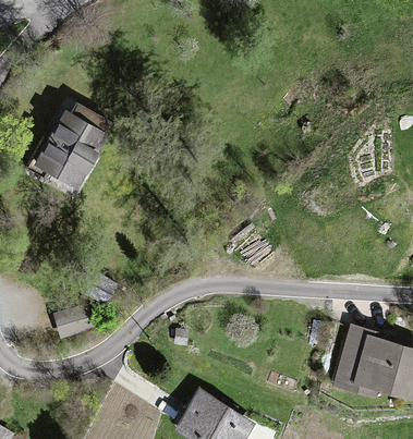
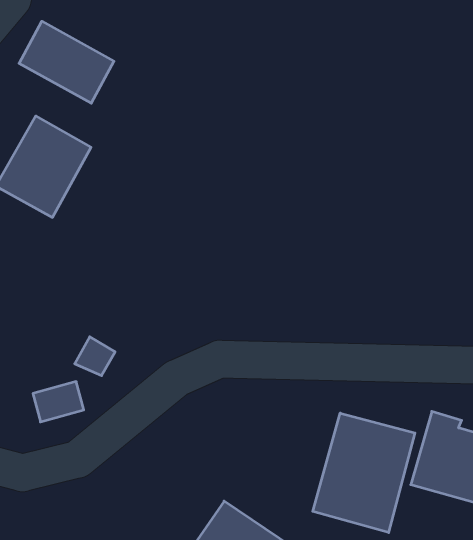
building: none -> [19,21,114,103]
building: none -> [313,413,415,533]

